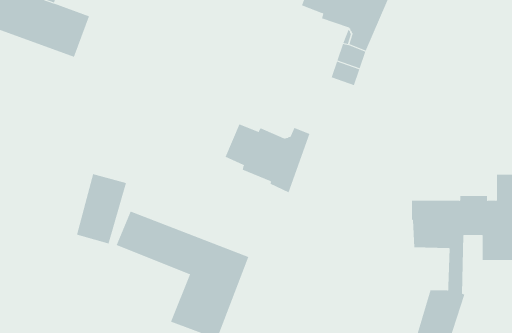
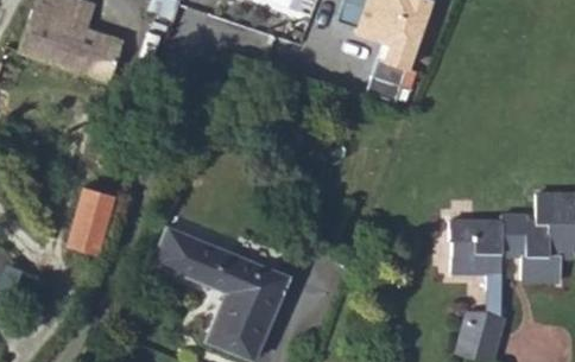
building: [225,124,310,193] -> none
building: [76,173,127,244] -> [68,185,119,256]

